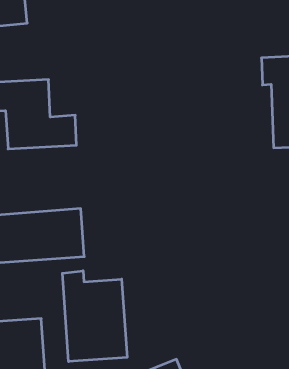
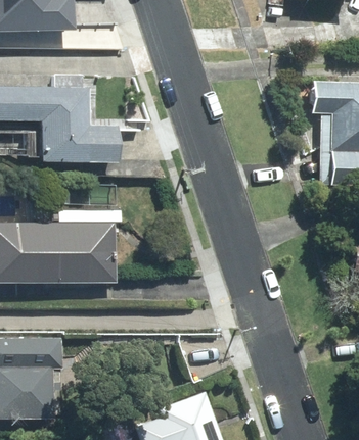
building: [62,271,127,362] -> none

